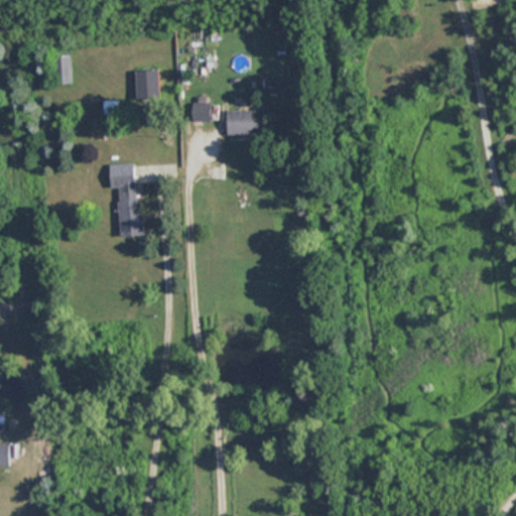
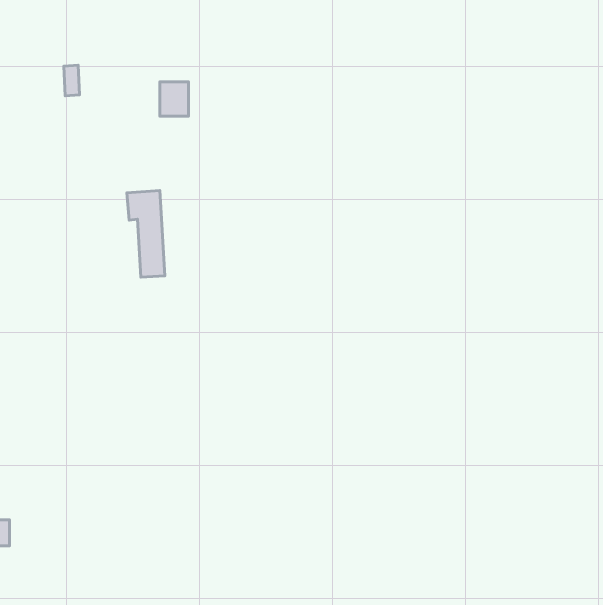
building: [190,103,216,121] -> none
building: [226,110,263,134] -> none

